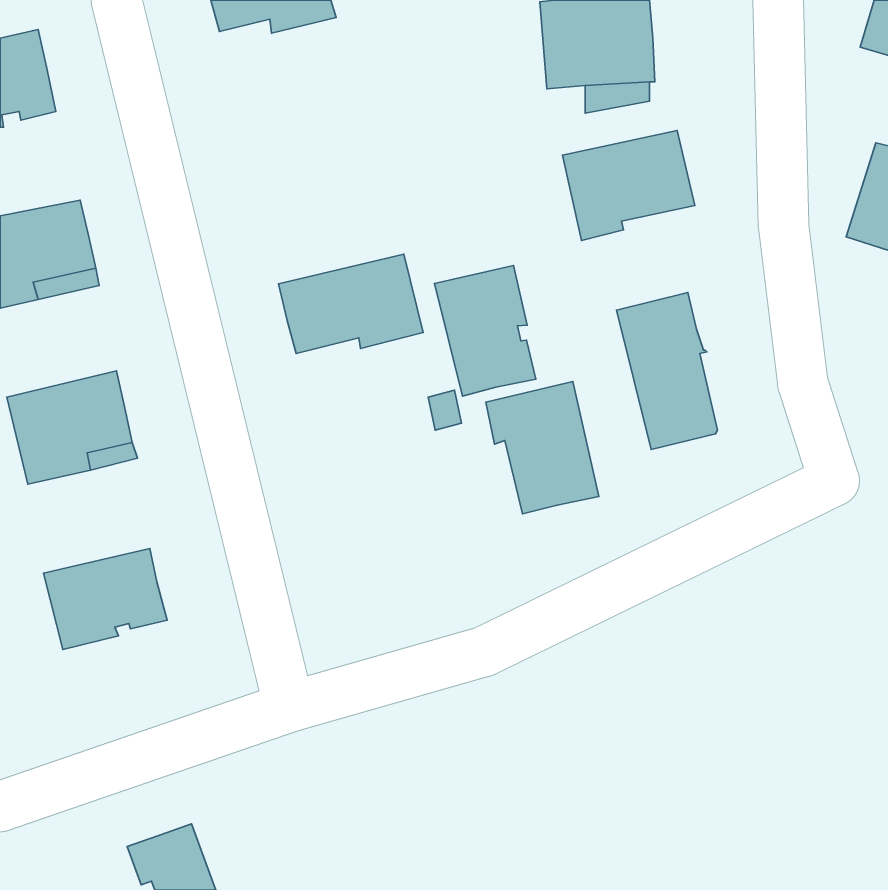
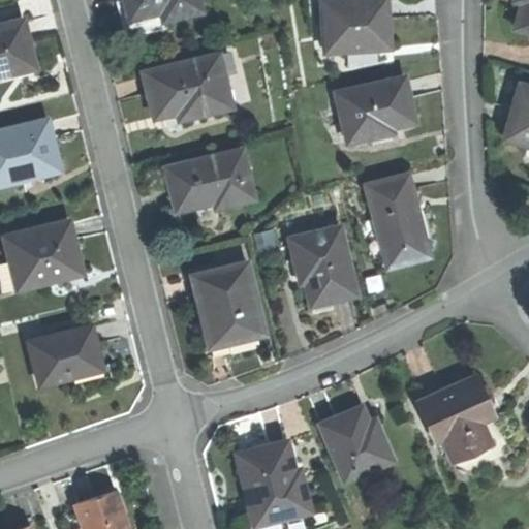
building: none -> [143,54,230,118]
building: [435,265,536,396] -> none
building: none -> [192,261,263,346]
building: none -> [419,377,493,464]
building: none -> [321,410,392,483]
building: none -> [236,445,308,523]

